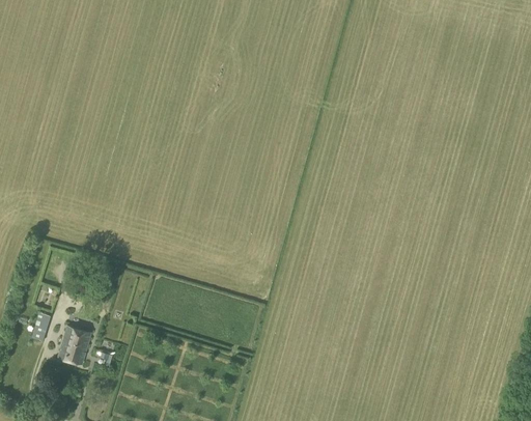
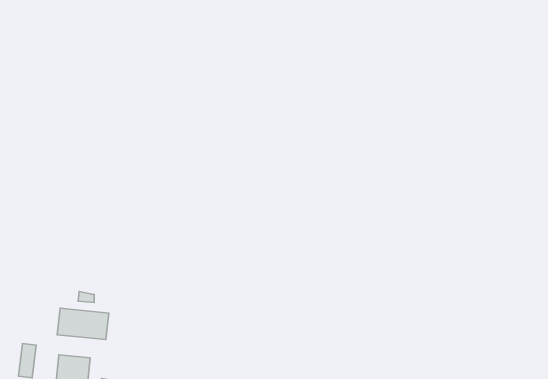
building: none -> [57,308,109,340]

